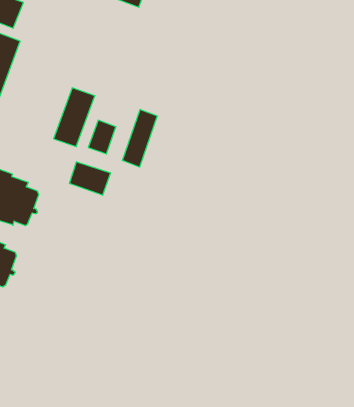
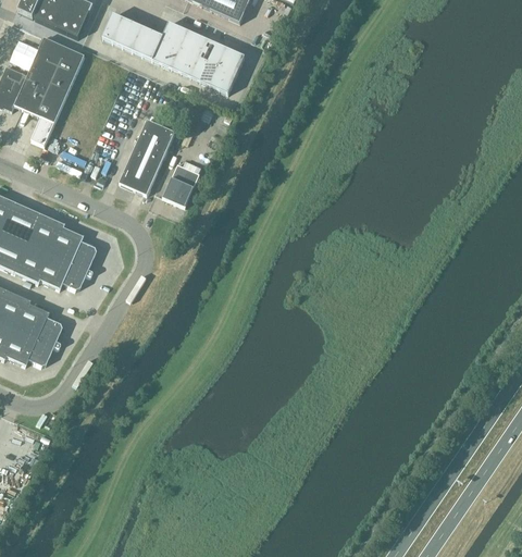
building: none -> [102,13,245,92]
building: [123,109,157,167] -> none
building: [70,162,110,195] -> none

